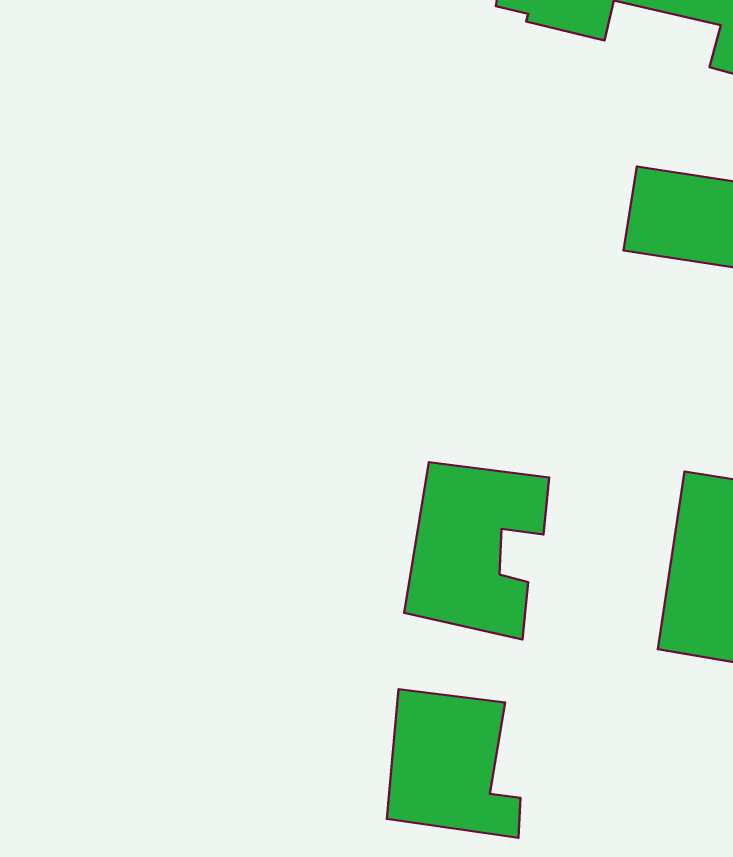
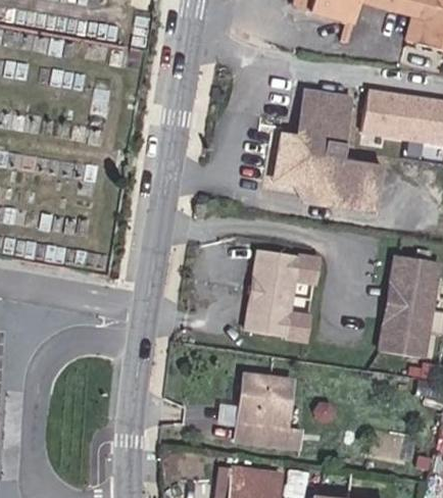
building: none -> [275,89,385,213]

